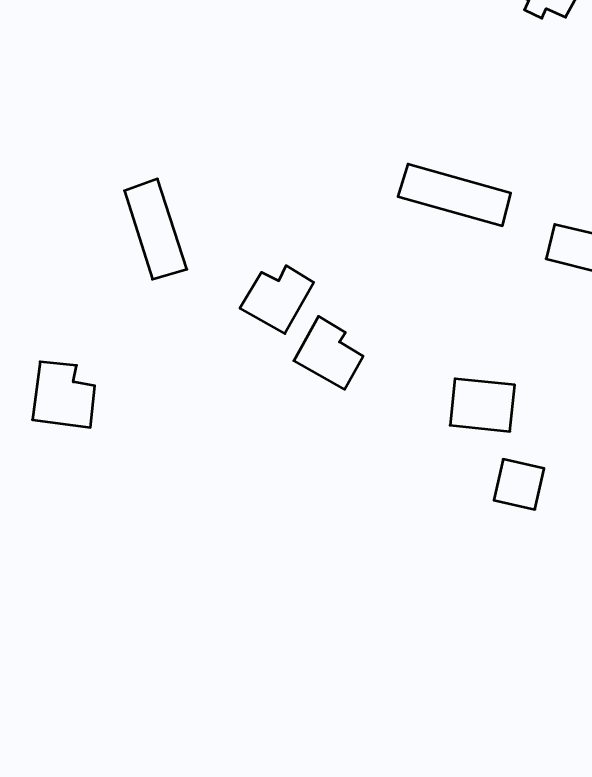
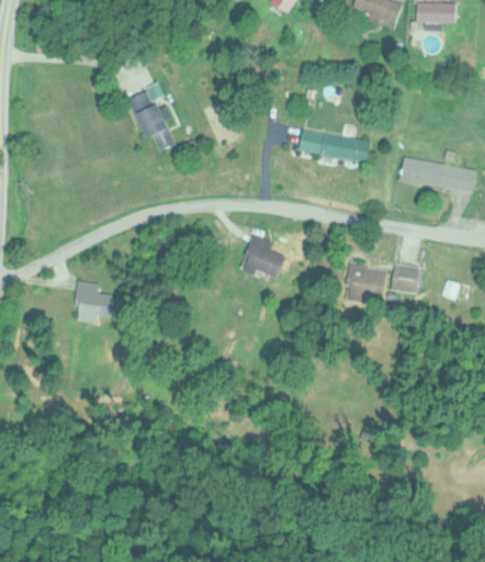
building: [124,179,187,279] -> [129,88,176,154]
building: [240,266,314,334] -> none
building: [494,459,544,509] -> [391,263,421,294]

